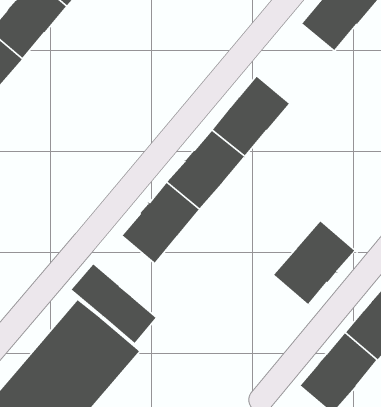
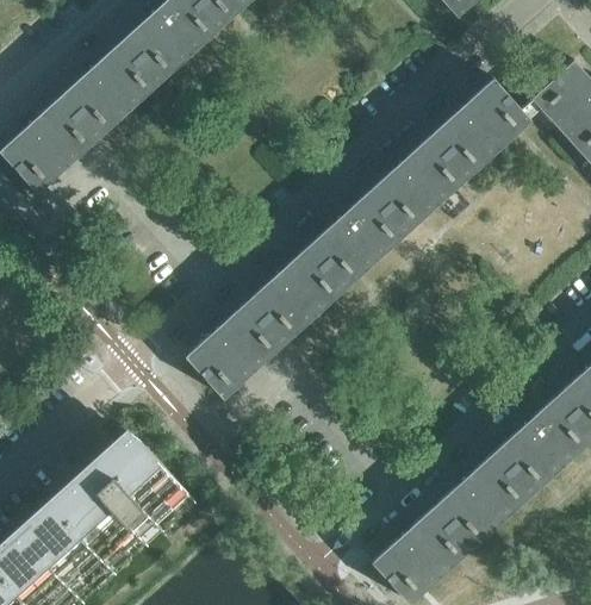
building: none -> [369,135,468,231]
building: [272,219,357,307] -> none
building: [69,262,158,345] -> none

